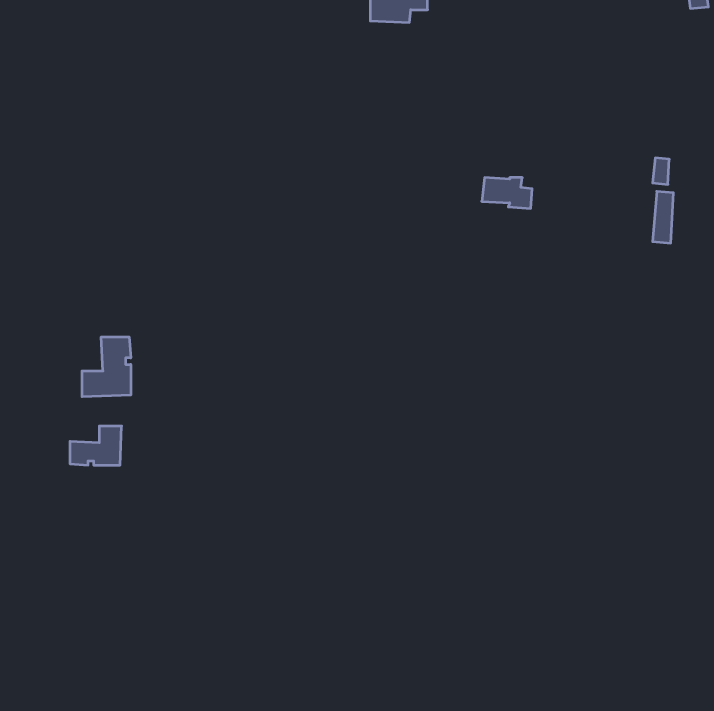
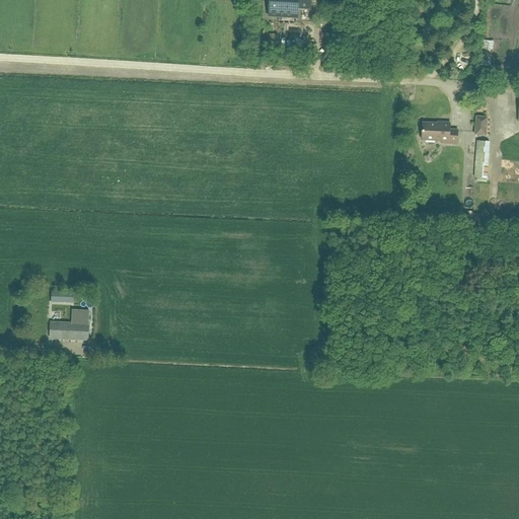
building: [482,178,532,208] -> [420,121,456,143]
building: [82,337,131,397] -> none

